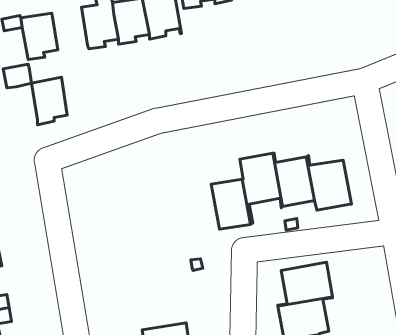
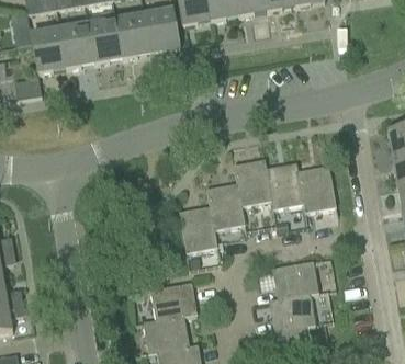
building: [32,77,67,125] -> [60,24,93,68]
building: none -> [179,187,217,252]
building: none -> [143,282,198,322]

